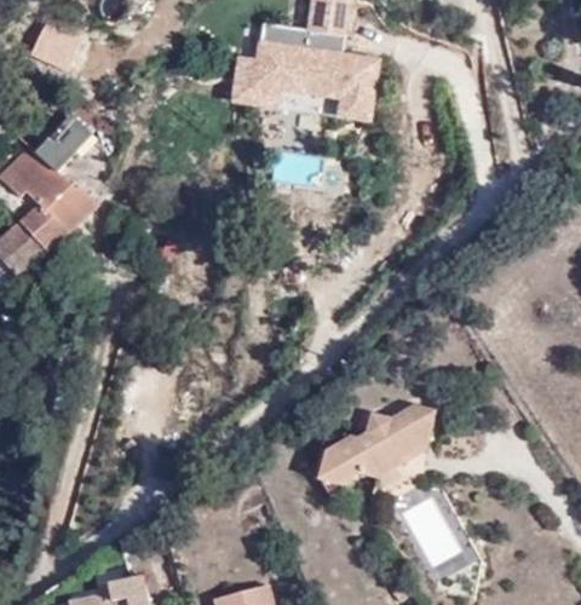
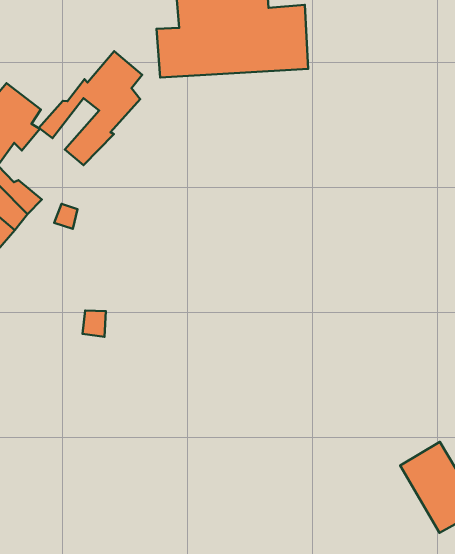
building: none -> [39,51,142,165]
building: [311,402,441,486] -> none

